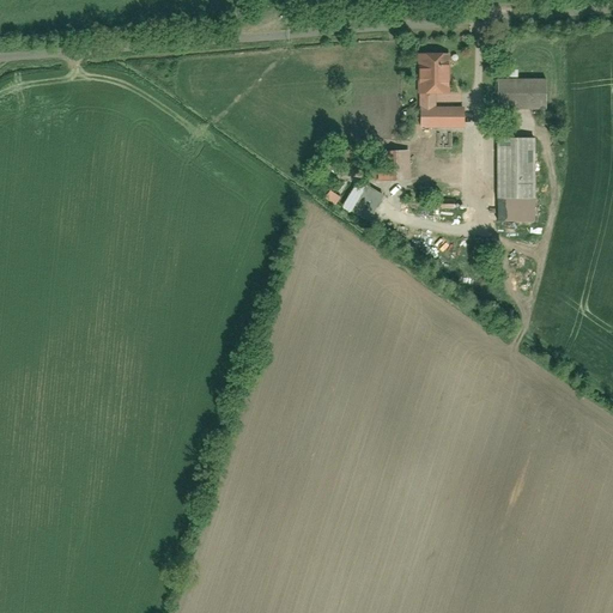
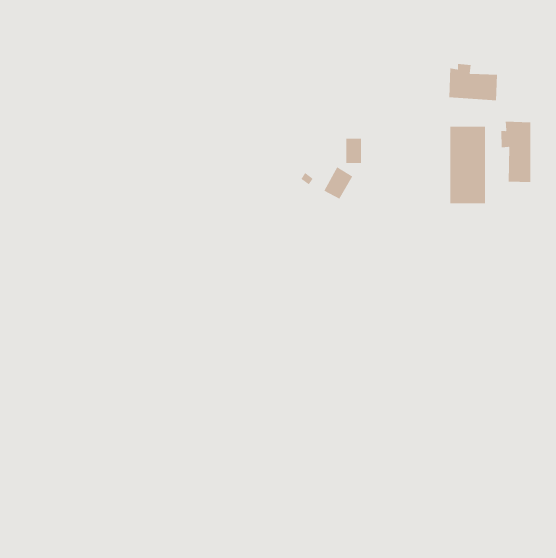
building: [419,48,465,126] -> none
building: none -> [501,121,531,183]

